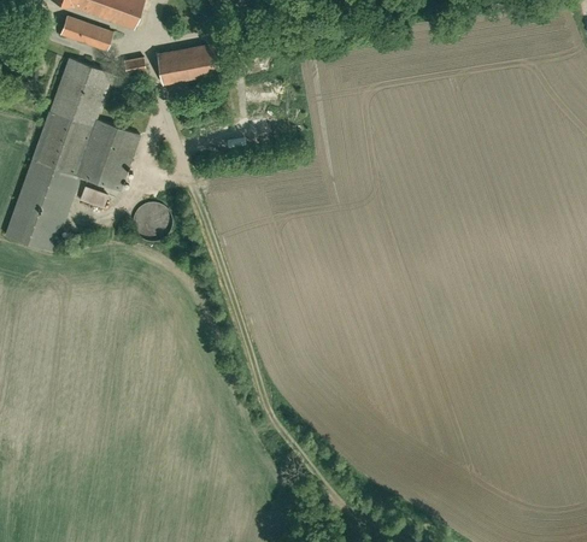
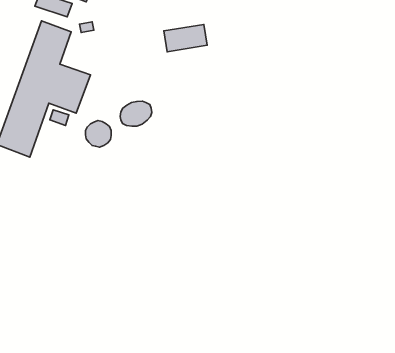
building: [157,46,219,86] -> [164,24,207,52]
building: none -> [120,101,152,126]

